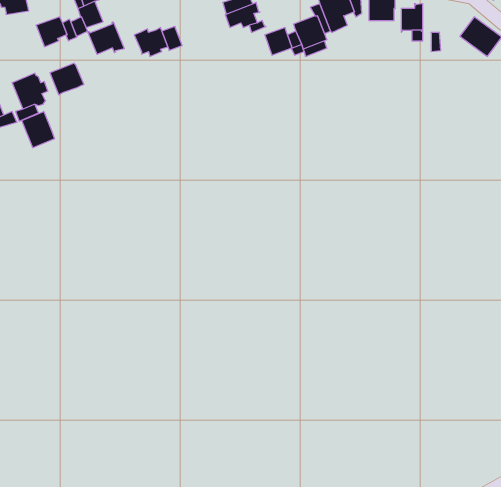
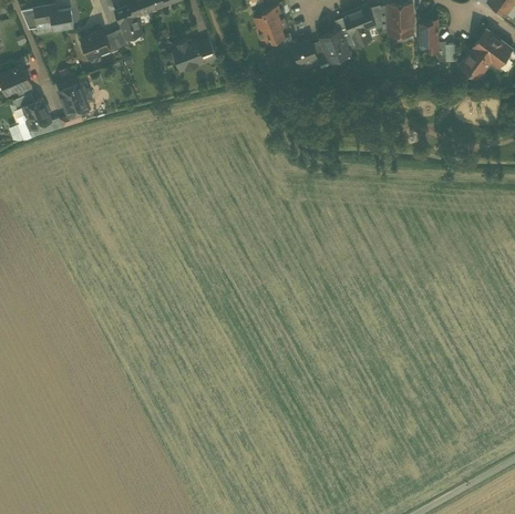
building: [87,22,124,54] -> none
building: none -> [459,48,490,76]
building: [50,63,84,95] -> none
building: [22,111,55,148] -> none

